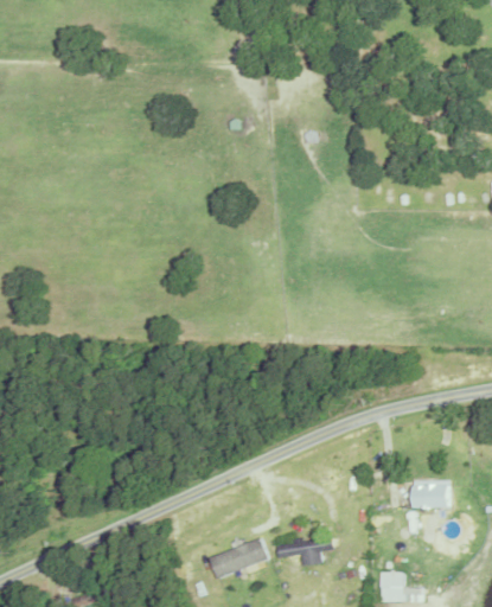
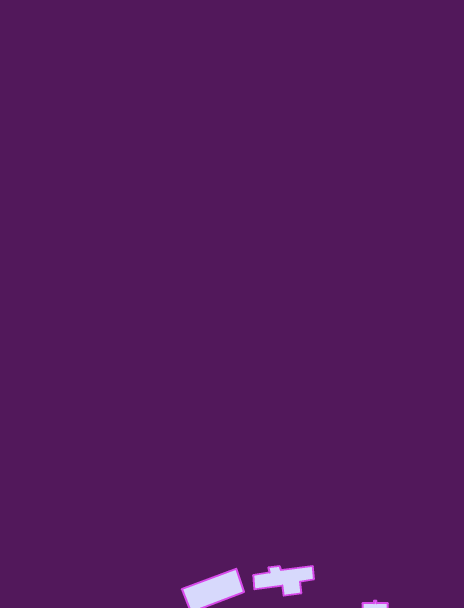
building: [411,484,446,507] -> none

